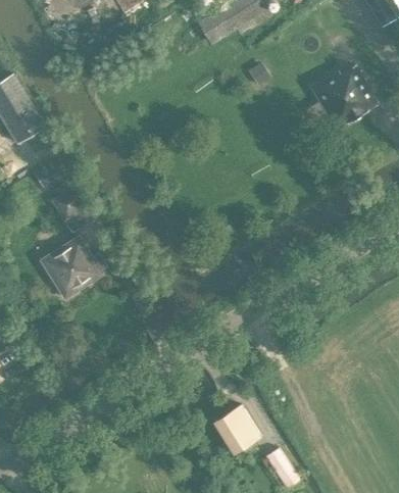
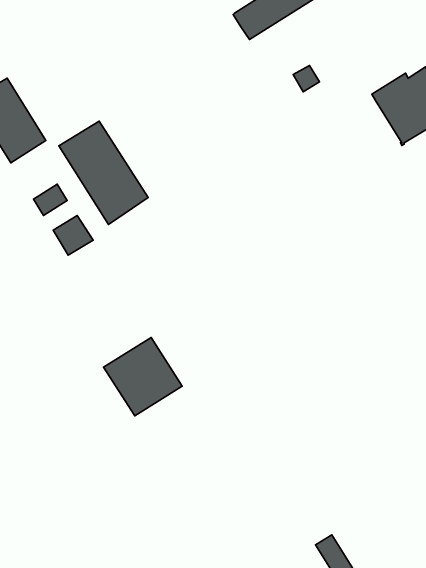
building: none -> [59,121,148,224]
building: [40,235,104,299] -> [104,337,182,416]
building: [213,404,261,454] -> none

